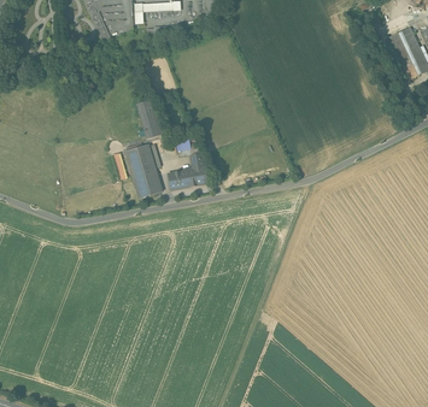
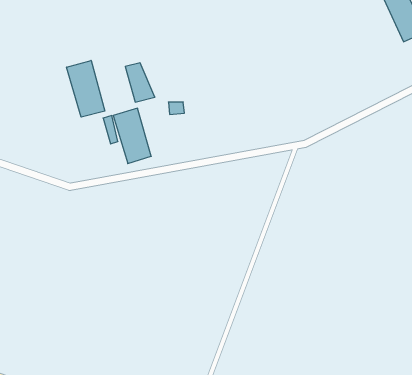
building: none -> [67,60,105,117]
building: [168,153,206,189] -> none

